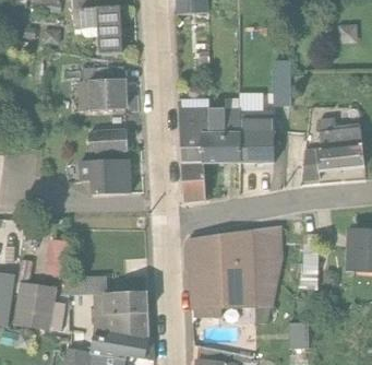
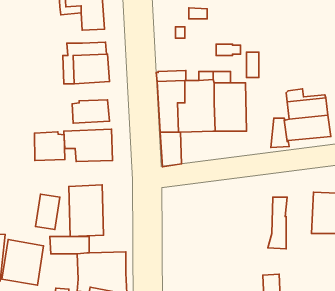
building: none -> [34,132,65,161]
building: none -> [69,185,103,237]
building: [189,226,283,307] -> none

